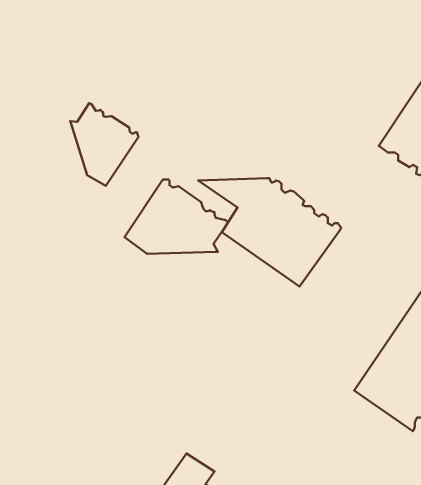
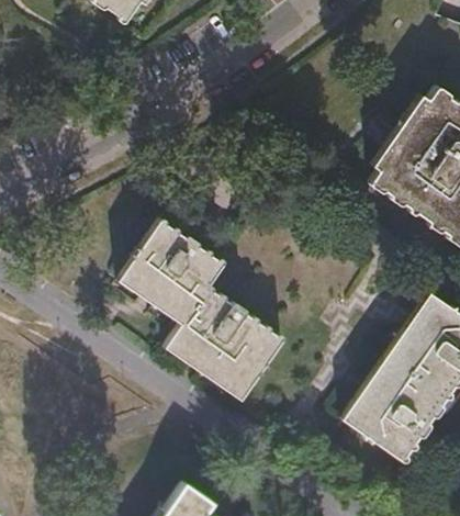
building: [70,103,139,186] -> none
building: [198,178,341,286] -> [145,289,284,394]

